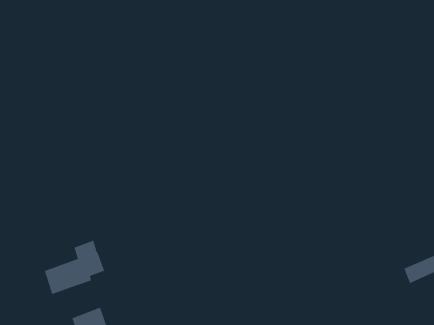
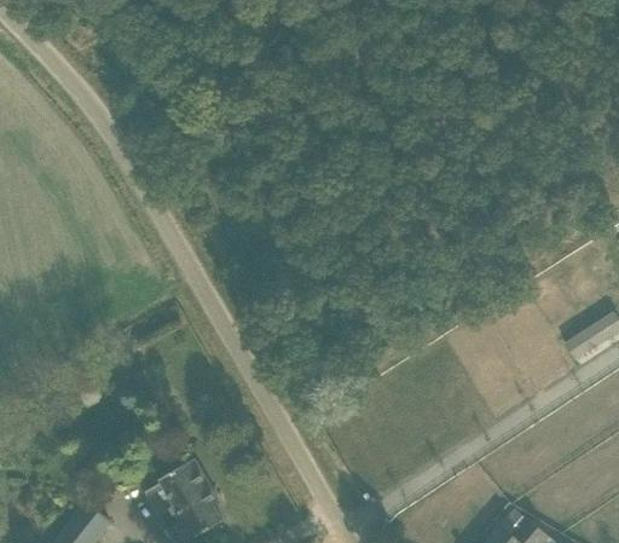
building: [44,240,105,295] -> none

